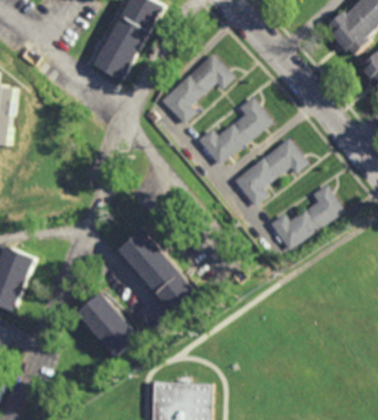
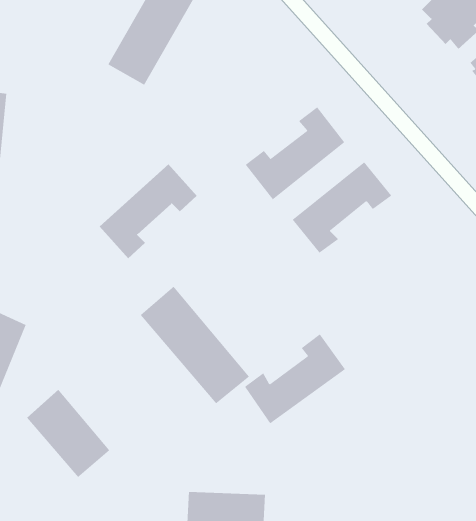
building: [159,53,232,124] -> [99,164,198,259]
building: [266,184,342,252] -> [244,334,346,424]
building: [76,294,138,360] -> [26,389,110,478]

